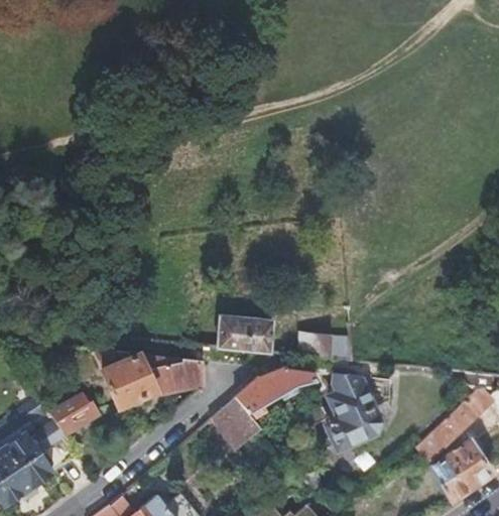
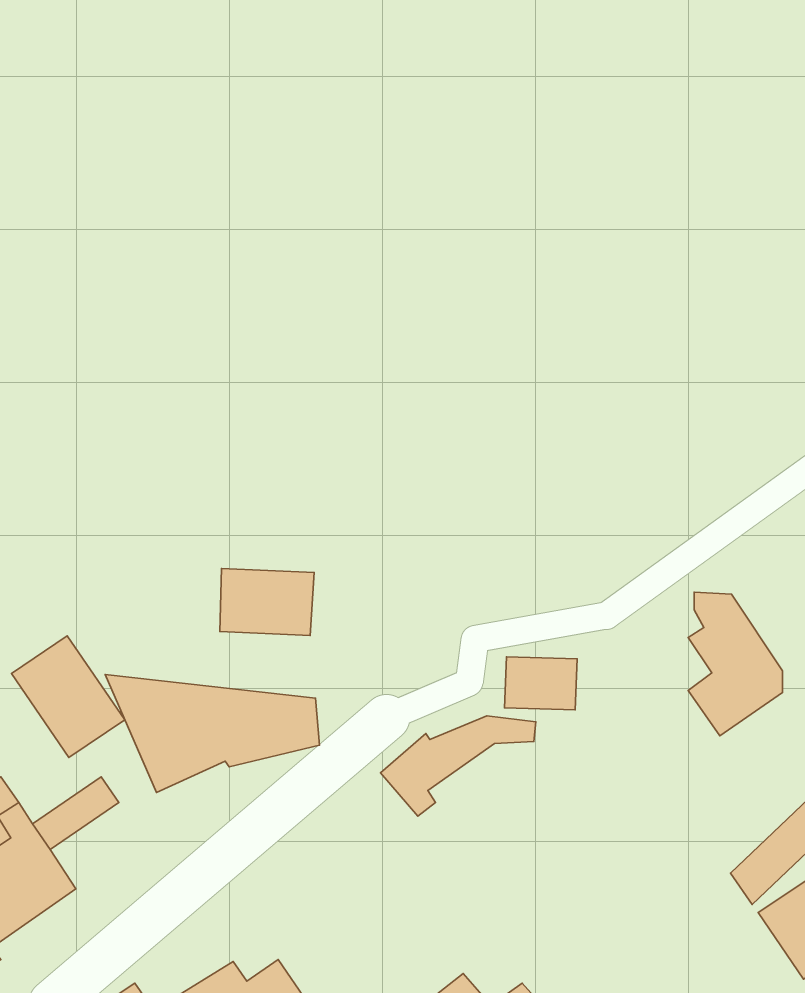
building: [216,314,264,349] -> [220,569,314,635]
building: none -> [11,636,125,757]
building: [333,374,381,447] -> [688,592,783,736]
building: [210,398,260,447] -> none

